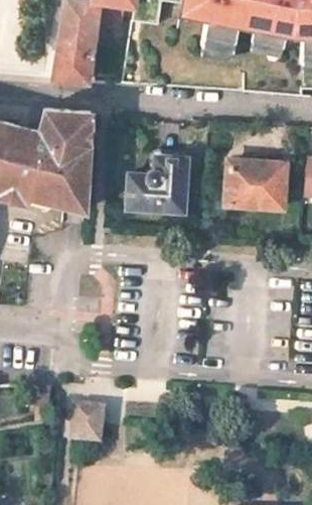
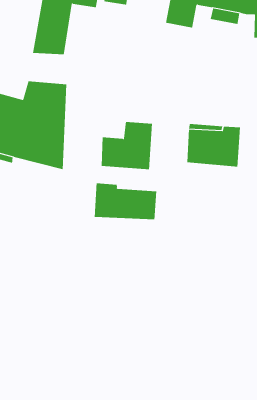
building: none -> [94,183,157,220]
building: [72,404,105,443] -> none

